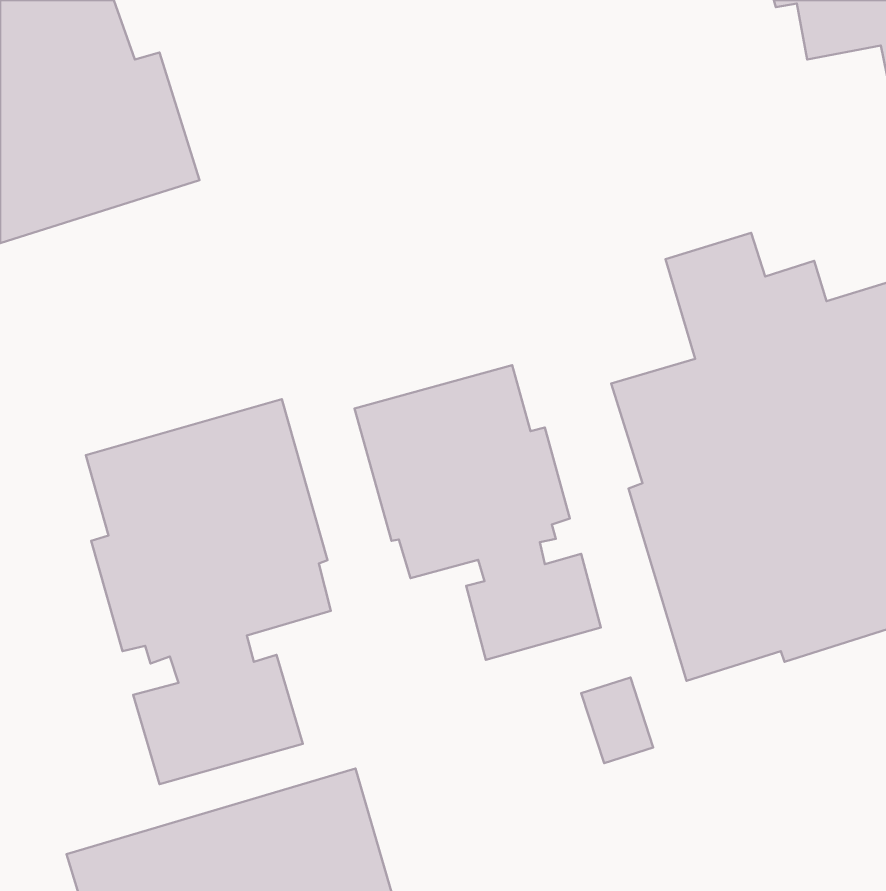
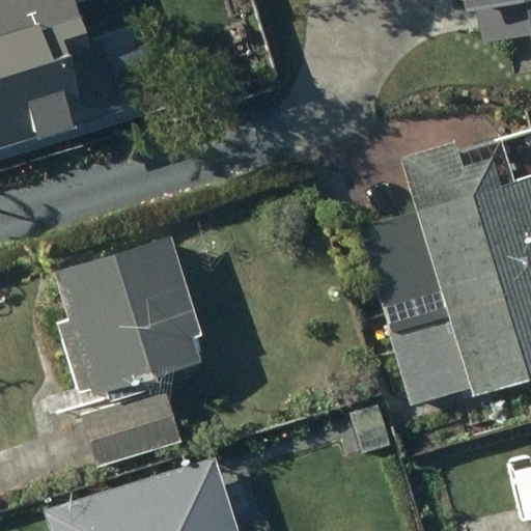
building: [355,365,601,660] -> none

